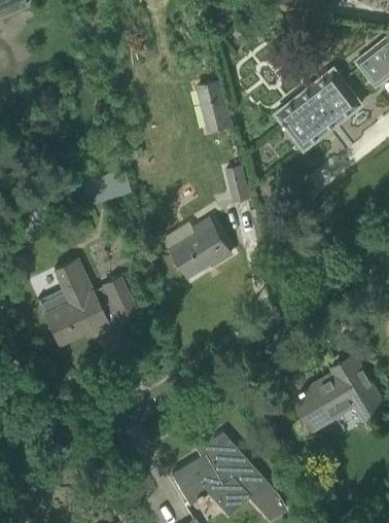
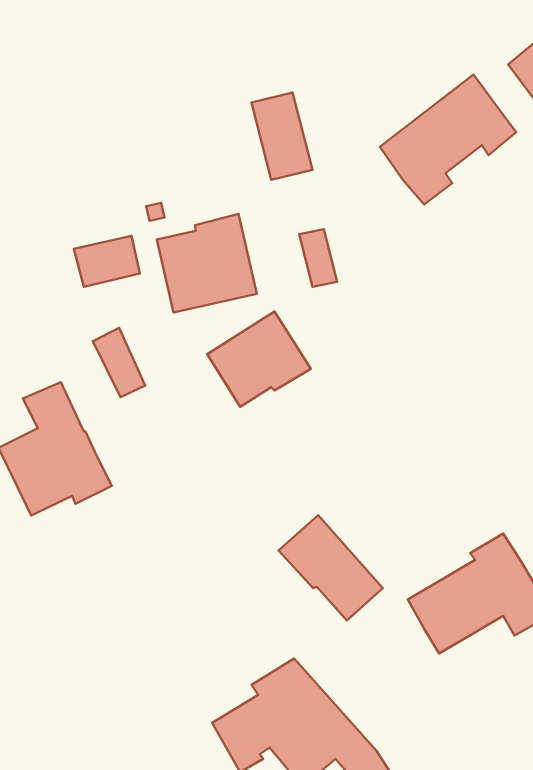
building: none -> [157,214,257,312]
building: [103,277,136,320] -> [93,328,145,397]
building: none -> [279,515,383,620]

